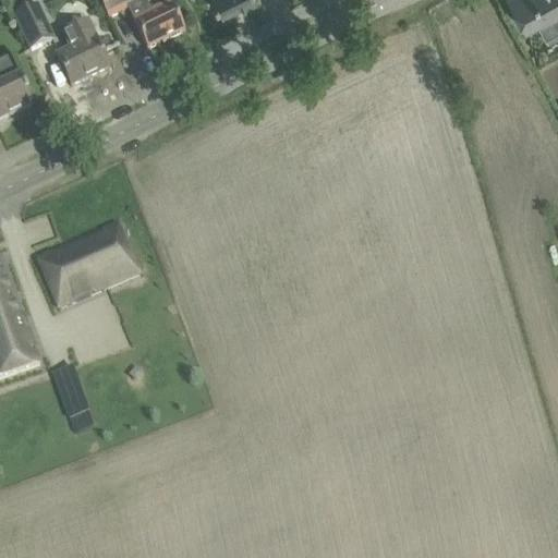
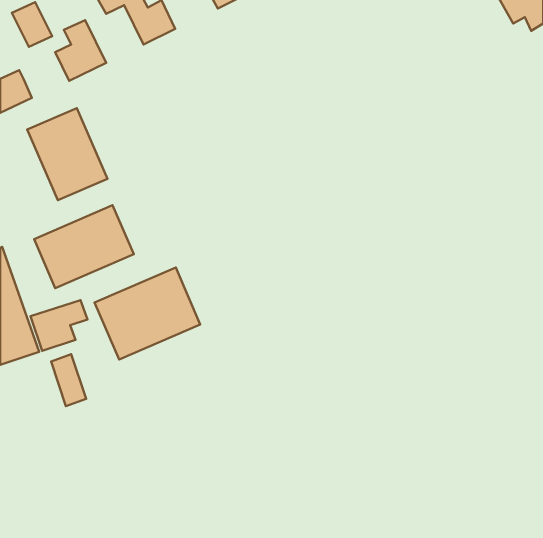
building: none -> [27,108,107,200]
building: none -> [95,267,200,360]
building: none -> [31,300,88,351]

